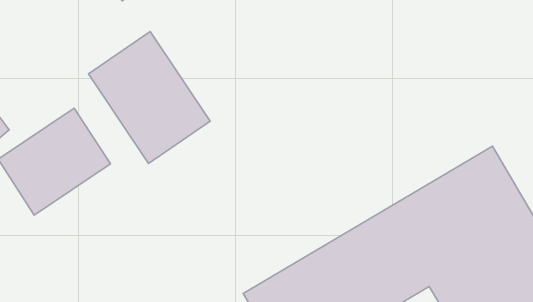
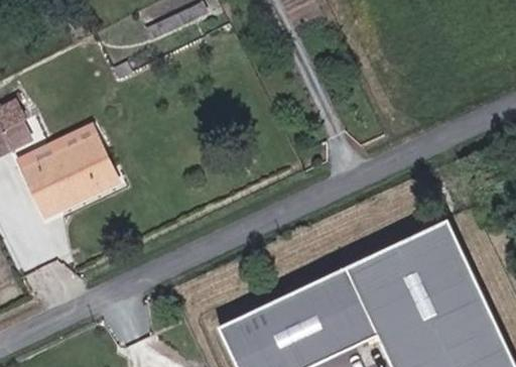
building: [89,31,210,163] -> none

